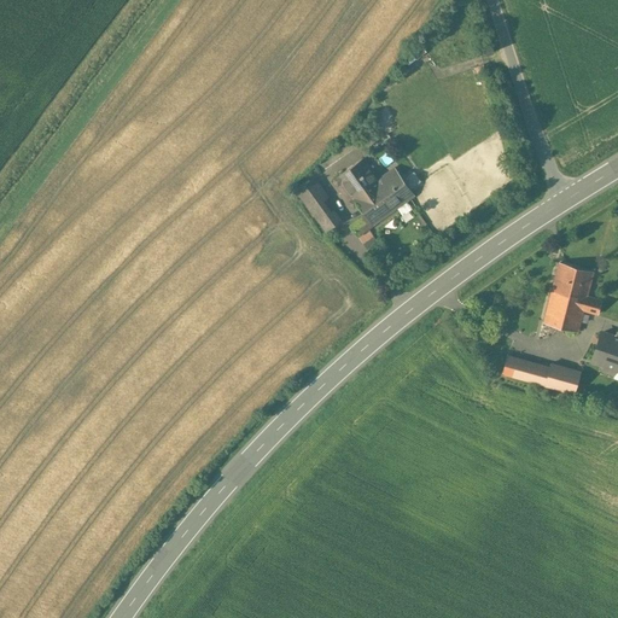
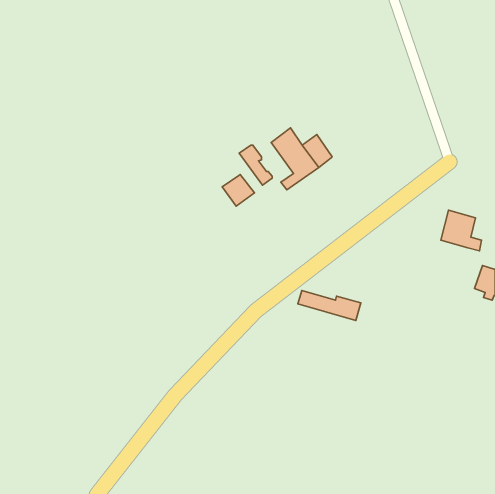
building: none -> [222,174,254,206]
building: [543,301,583,332] -> none
building: [502,356,581,393] -> [298,290,361,320]

